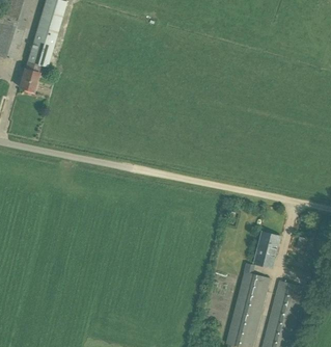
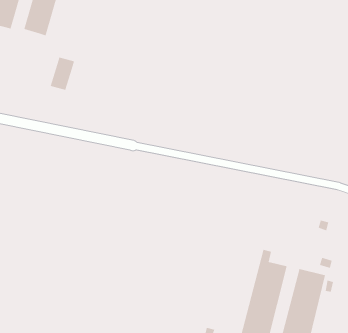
building: [18,59,40,90] -> [50,57,75,91]
building: [253,231,280,267] -> none

